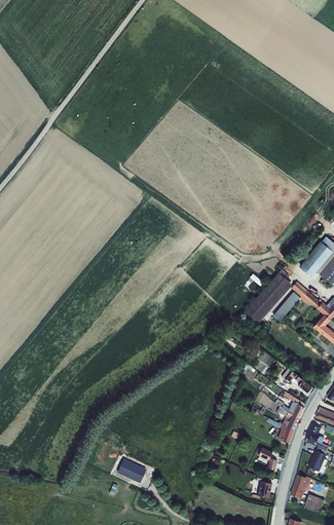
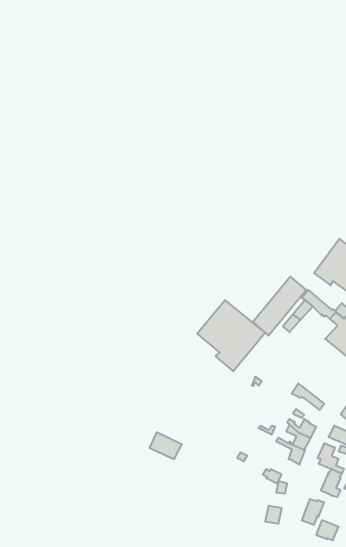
building: none -> [197,300,265,371]
building: [116,458,146,483] -> [150,432,182,459]

